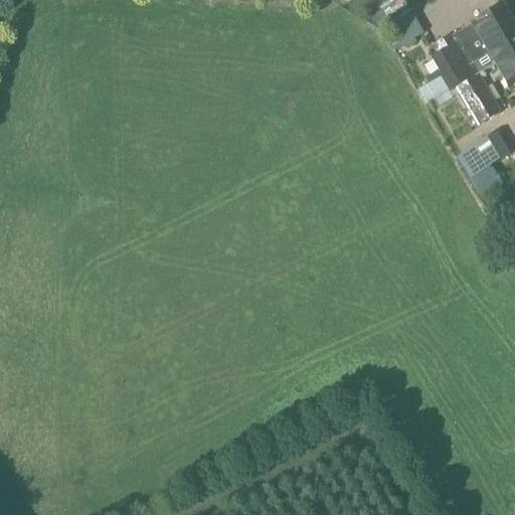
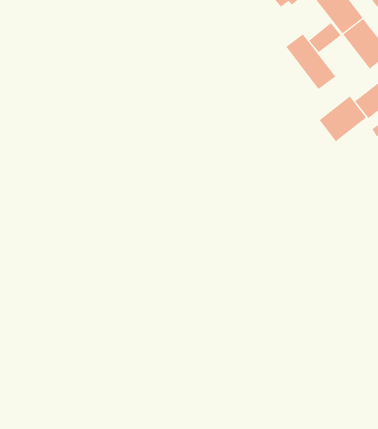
building: none -> [285,34,336,90]
building: none -> [319,96,367,142]

